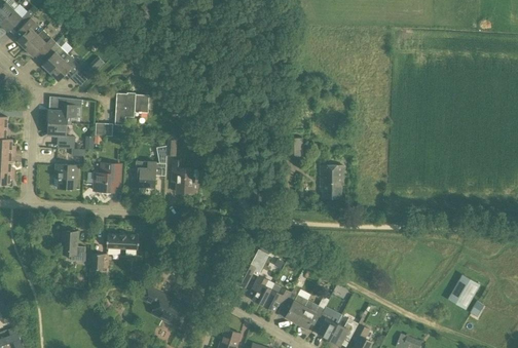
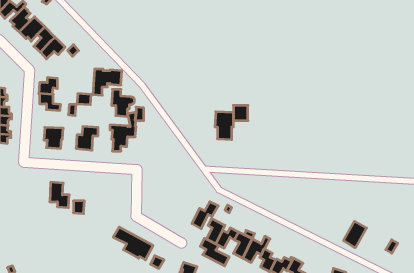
building: [172,160,199,193] -> [112,89,134,116]
building: [320,164,342,198] -> [215,112,233,140]
building: [106,233,138,249] -> none
building: [451,277,479,309] -> [344,221,367,247]
building: none -> [200,238,229,266]

